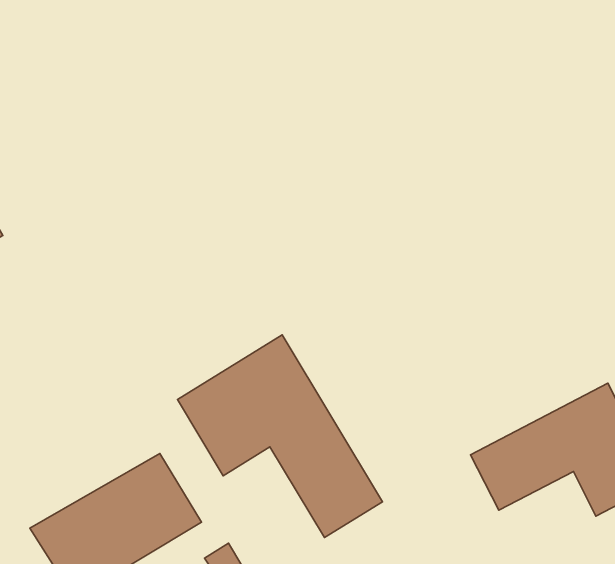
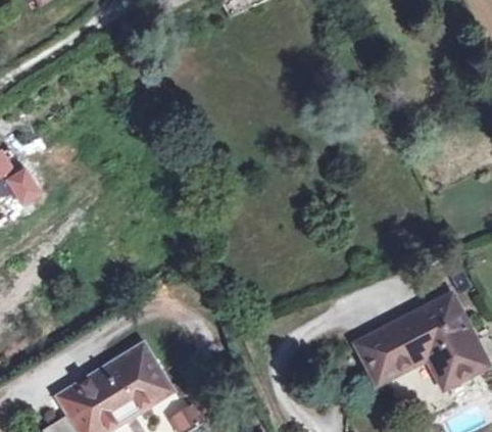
building: [178,335,383,537] -> none

